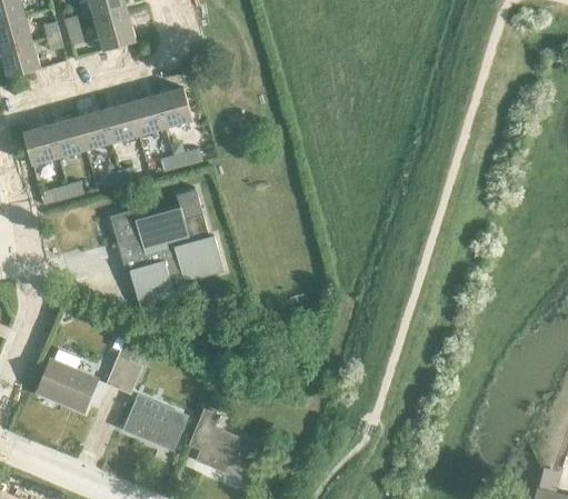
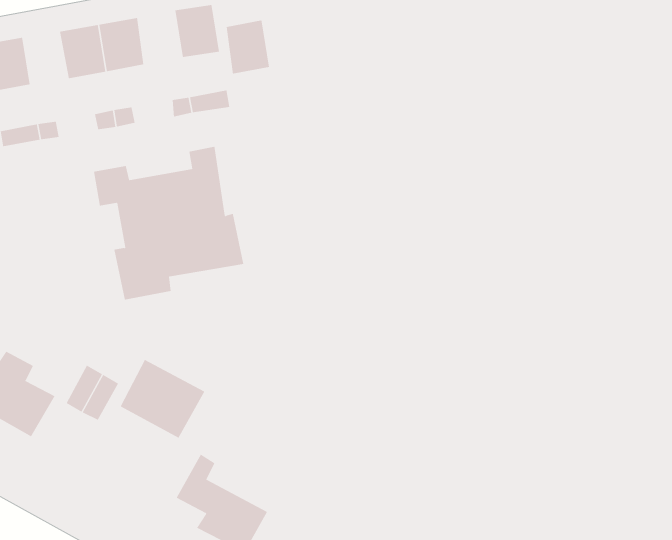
building: [130,94,165,136] -> [226,20,270,74]
building: [49,118,84,158] -> none
building: [124,397,185,451] -> [120,359,205,439]

